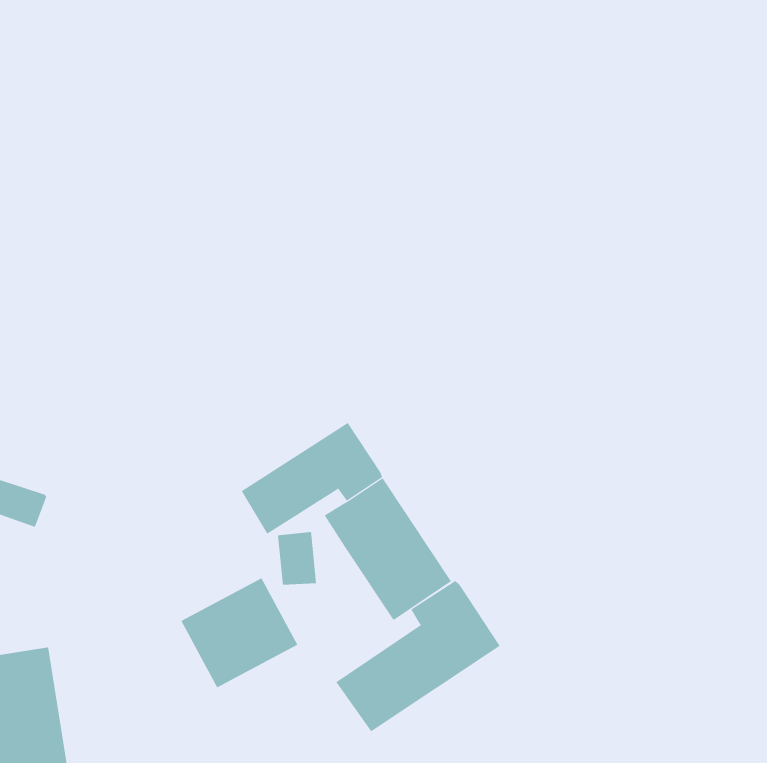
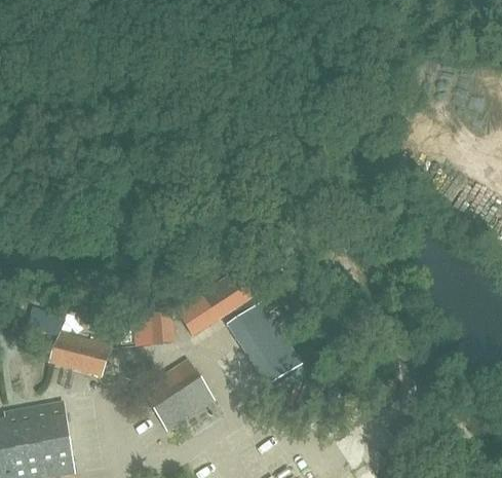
building: none -> [49,332,106,373]
building: [277,532,317,585] -> [151,312,175,344]
building: [335,580,500,732] -> none

